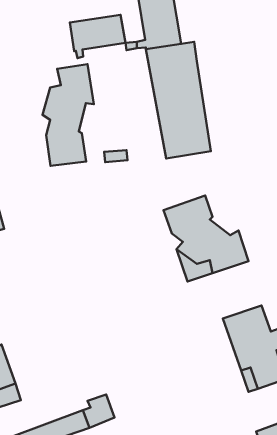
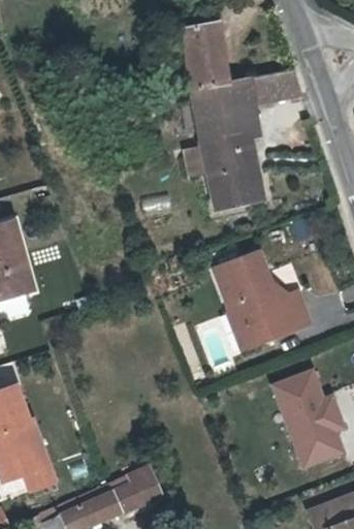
building: [70,15,126,58] -> none
building: none -> [245,72,300,101]
building: [42,64,94,166] -> none

